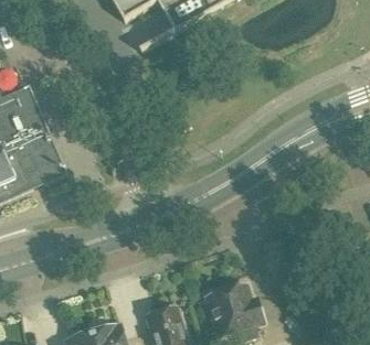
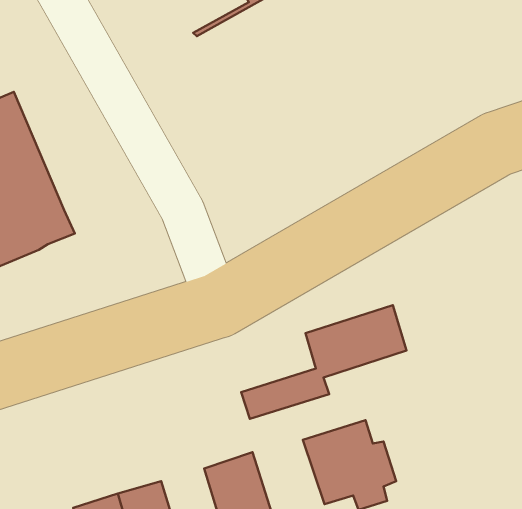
building: none -> [241,305,406,419]

